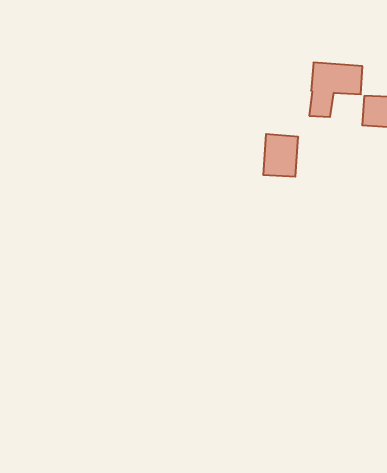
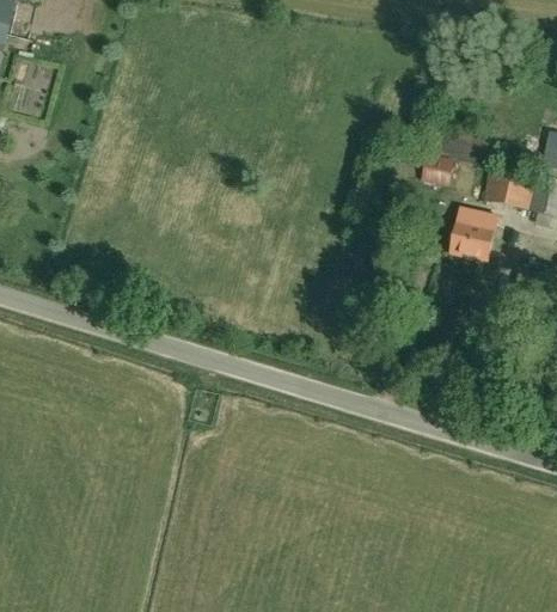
building: [263,134,298,177] -> [449,209,496,263]

